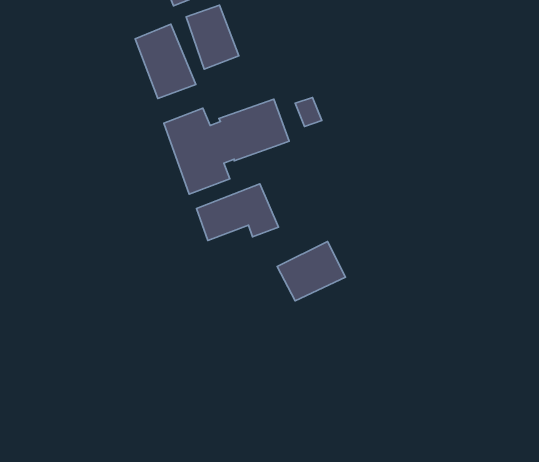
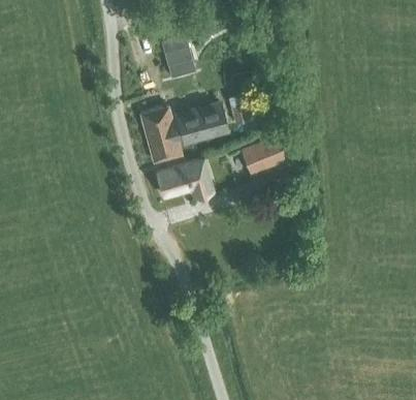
building: [135,24,196,99] -> none
building: [277,241,345,301] -> [241,135,287,175]

